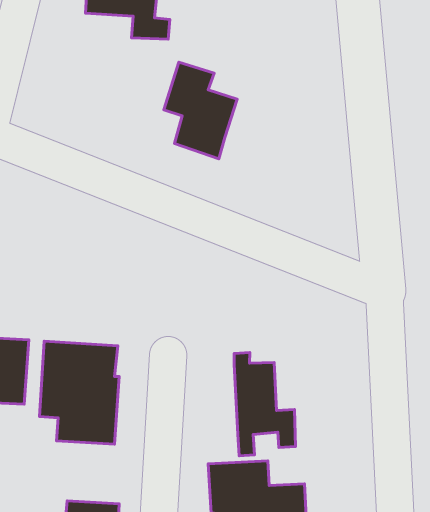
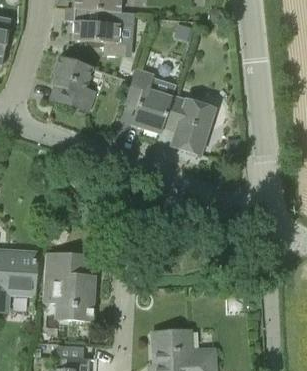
building: none -> [53,57,94,110]
building: none -> [164,95,215,154]
building: [234,352,296,456] -> none

